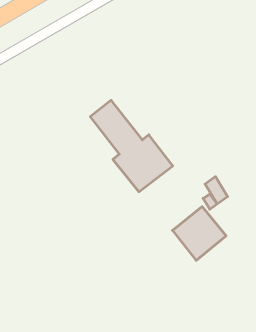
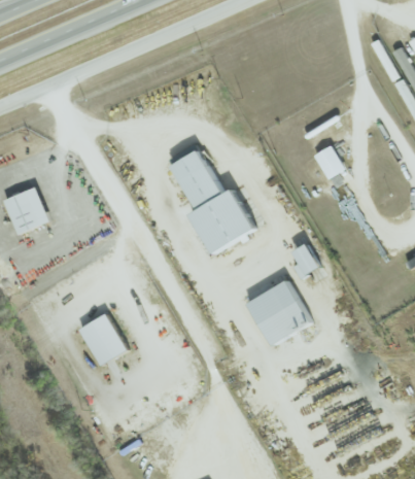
building: none -> [312,145,345,180]
building: none -> [79,313,128,366]

